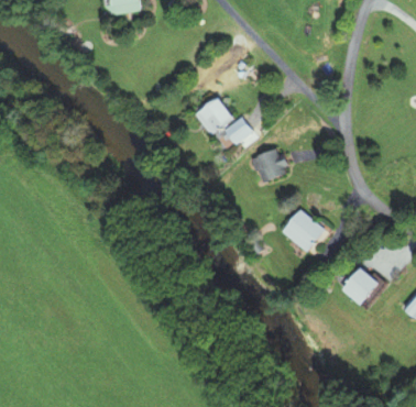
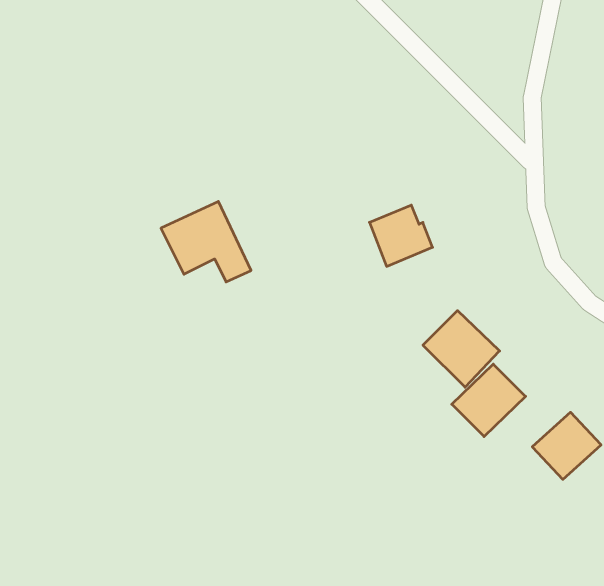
building: [195,97,247,143] -> [161,201,251,282]
building: none -> [452,364,526,437]

